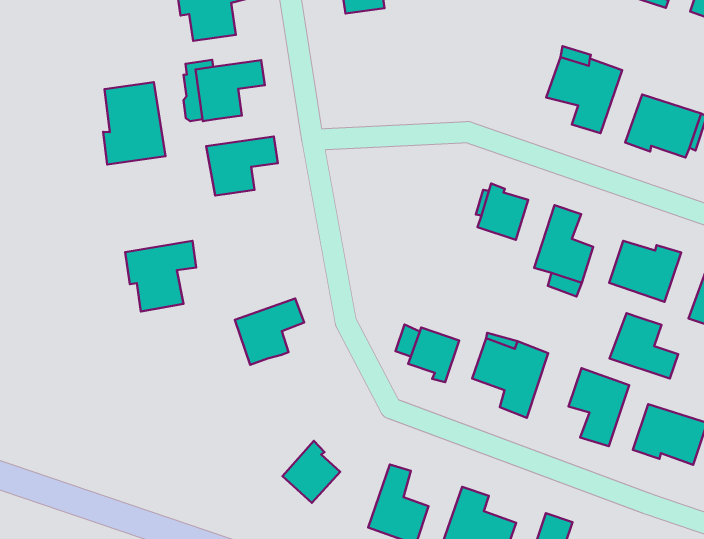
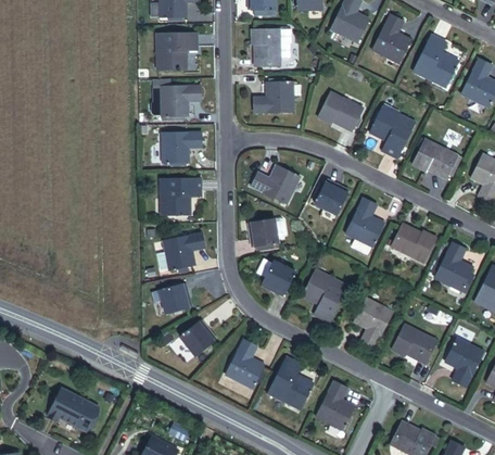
building: none -> [254,81,293,111]
building: none -> [318,92,364,130]
building: [103,82,165,165] -> none
building: none -> [252,165,300,202]
building: [125,241,196,312] -> [161,178,202,216]
building: none -> [252,218,281,245]
building: [610,313,678,379] -> none
building: none -> [151,279,193,313]

